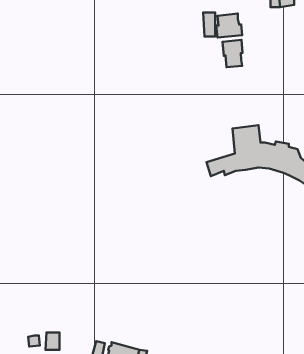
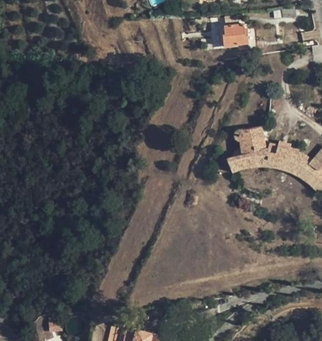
building: [223,40,243,67] -> none

